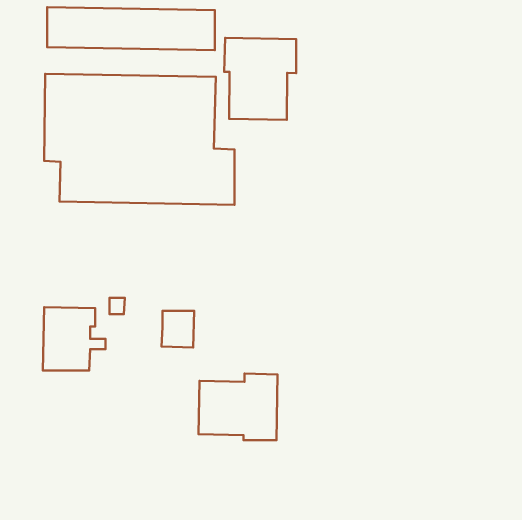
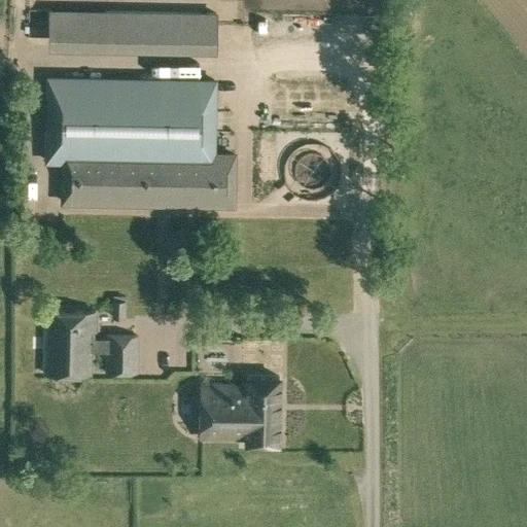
building: [224,38,296,120] -> none
building: [161,311,194,348] -> [106,338,139,375]

